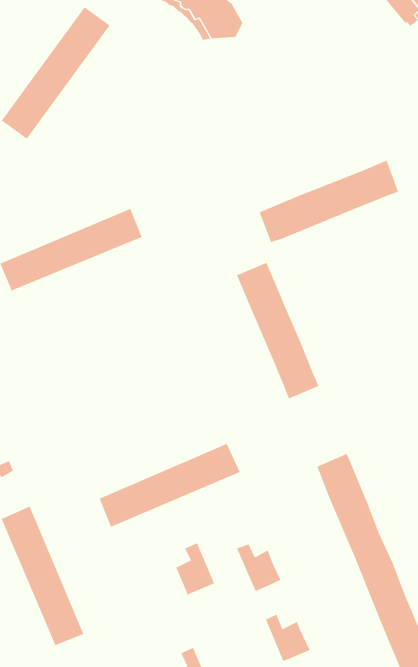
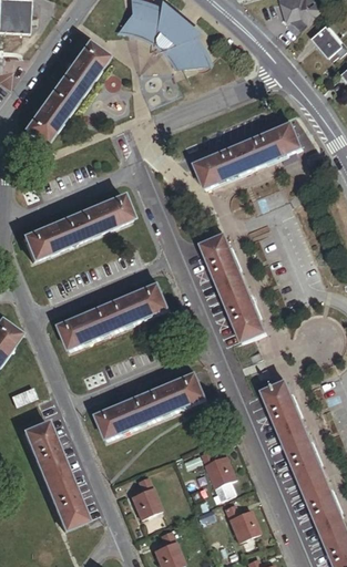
building: [259,160,399,243] -> [196,124,303,187]
building: none -> [60,286,167,350]
building: [175,543,215,595] -> [131,477,161,517]

